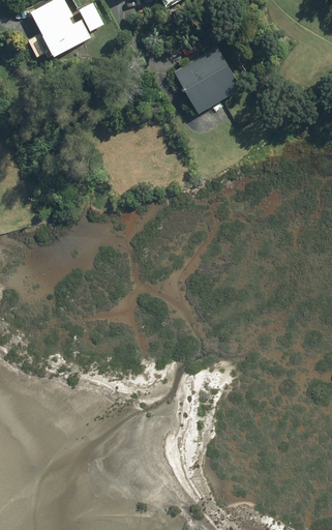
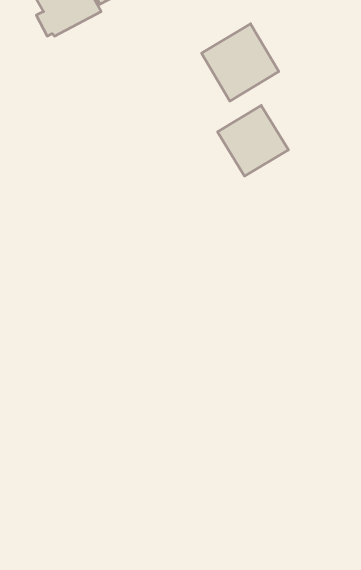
building: none -> [218,105,288,176]

